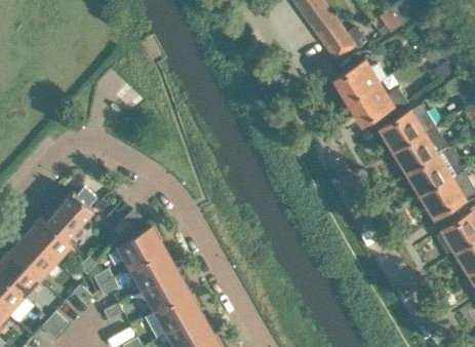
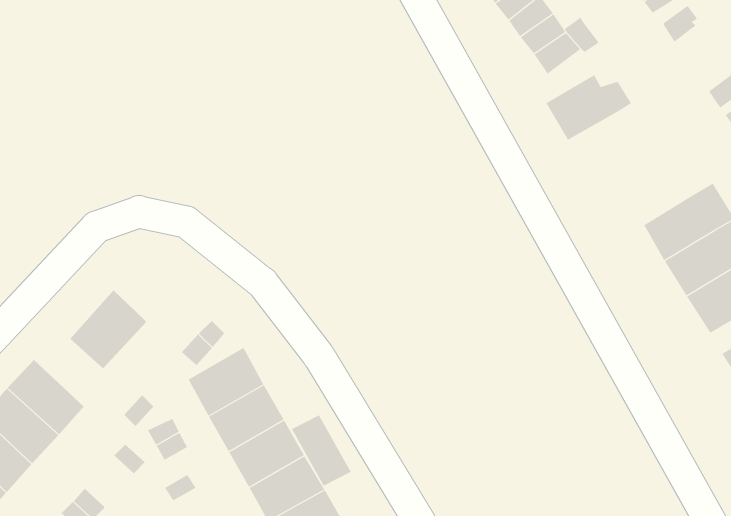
building: [348,84,406,124] -> none
building: [380,104,436,153] -> none
building: [25,217,72,263] -> none
building: none -> [291,414,352,487]

